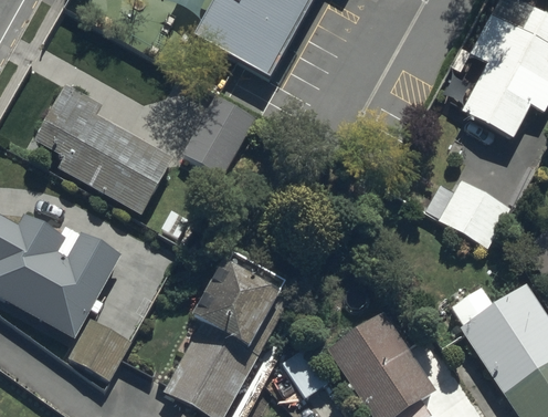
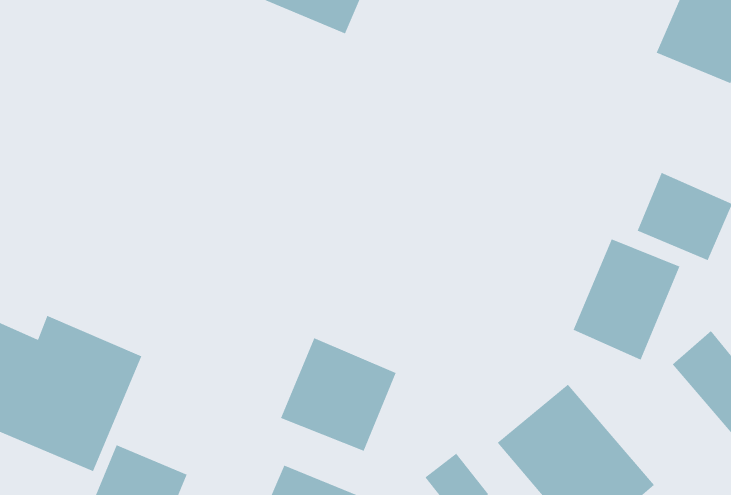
building: [43,92,172,213] -> none
building: [185,97,261,180] -> none
building: none -> [573,238,680,361]

